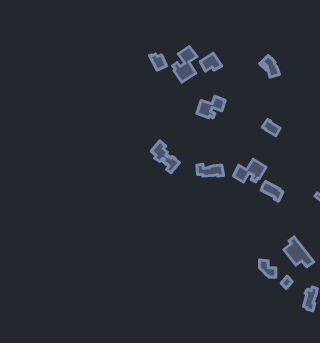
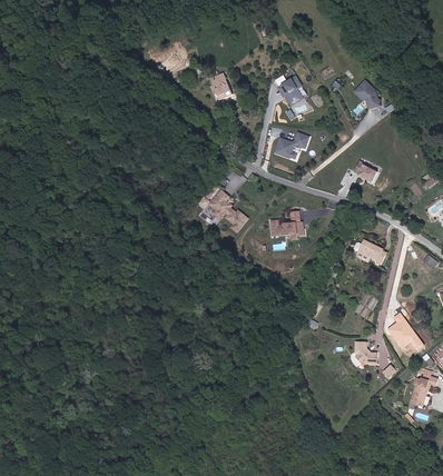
building: [173,47,197,82] -> none
building: [233,159,266,182] -> none

